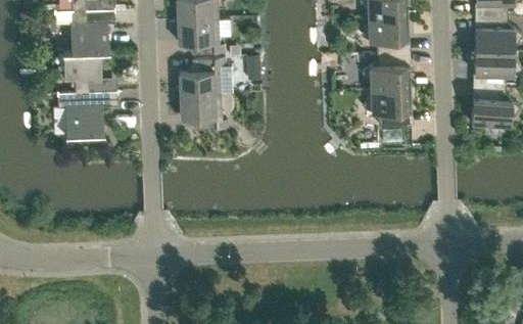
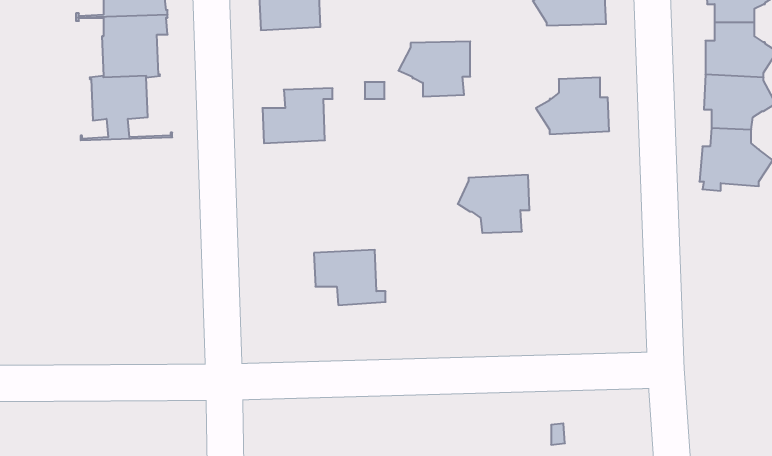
building: [361,17,409,54] -> [398,41,470,97]
building: [178,19,225,56] -> none
building: [364,89,412,128] -> [458,175,530,233]
building: [57,93,118,136] -> none
building: [180,95,228,132] -> [314,250,386,305]

